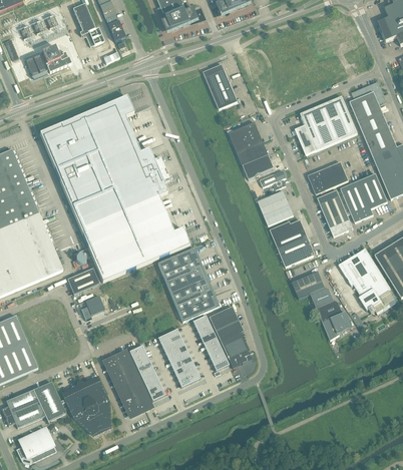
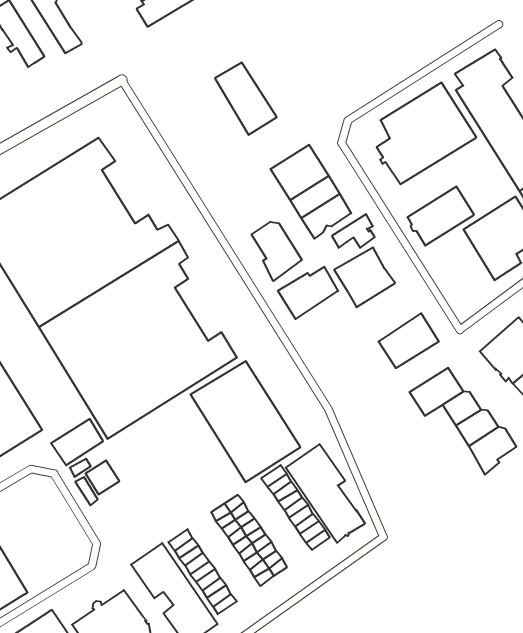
building: none -> [252,222,302,281]
building: [317,189,352,237] -> none
building: [269,219,306,249] -> [278,267,338,319]

